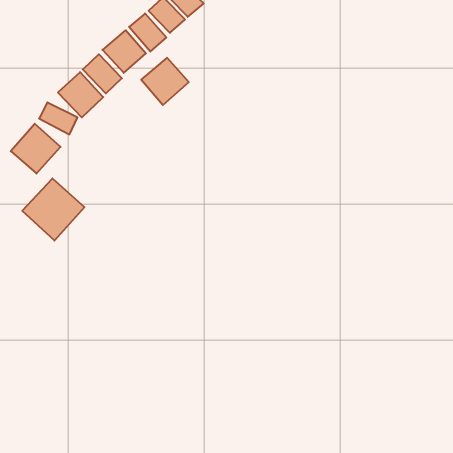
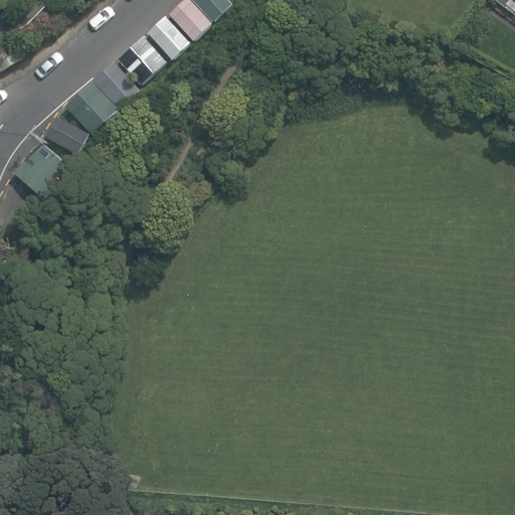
building: [141,58,189,105] -> none
building: [22,178,84,241] -> none

